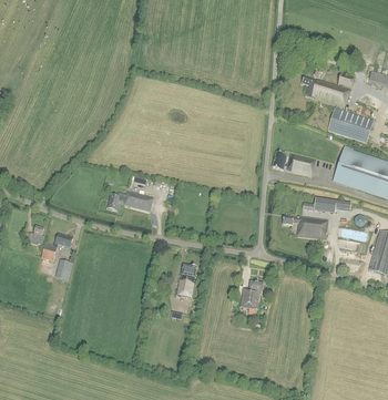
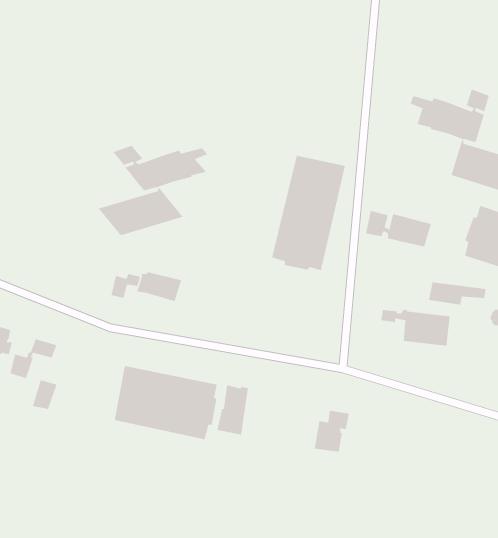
building: none -> [97,145,208,236]
building: none -> [271,155,346,271]
building: none -> [114,365,218,440]

